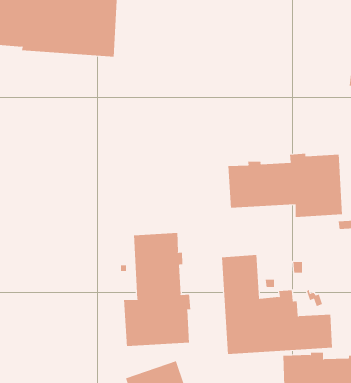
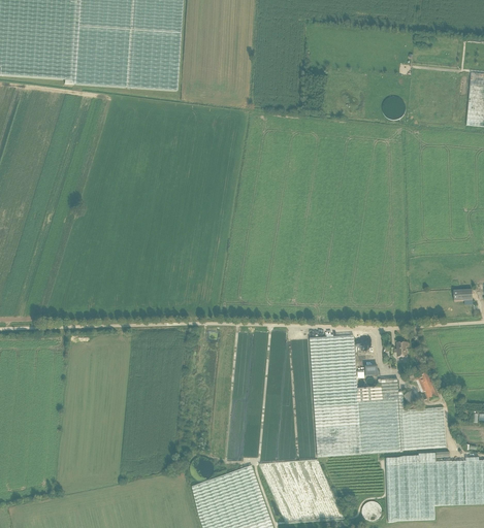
building: [228,153,342,218] -> none
building: [123,232,191,347] -> none

